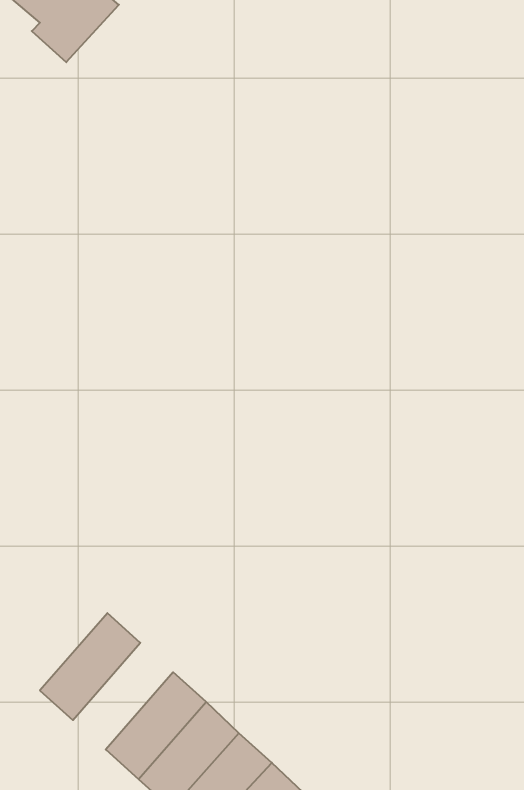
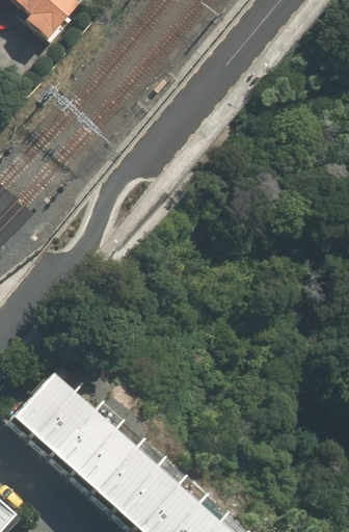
building: none -> [11,371,75,438]
building: none -> [53,408,116,476]

